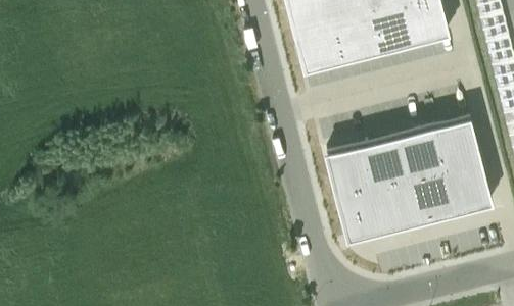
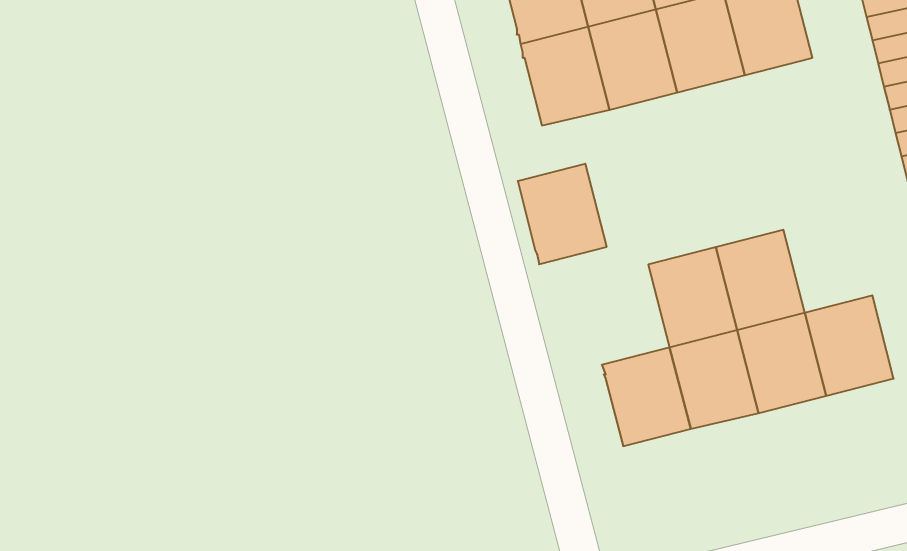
building: [435,119,482,172] -> none
building: [328,147,375,200] -> [518,164,607,264]

